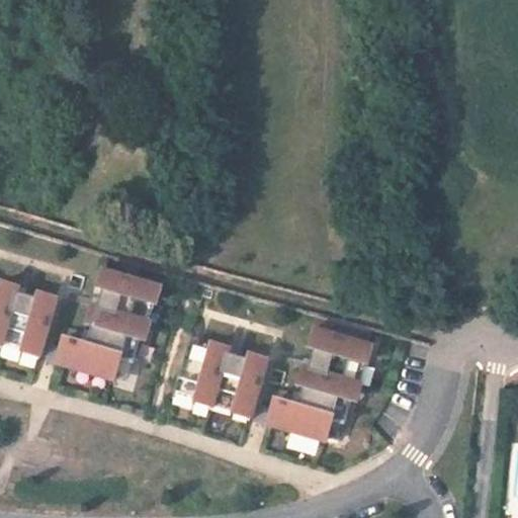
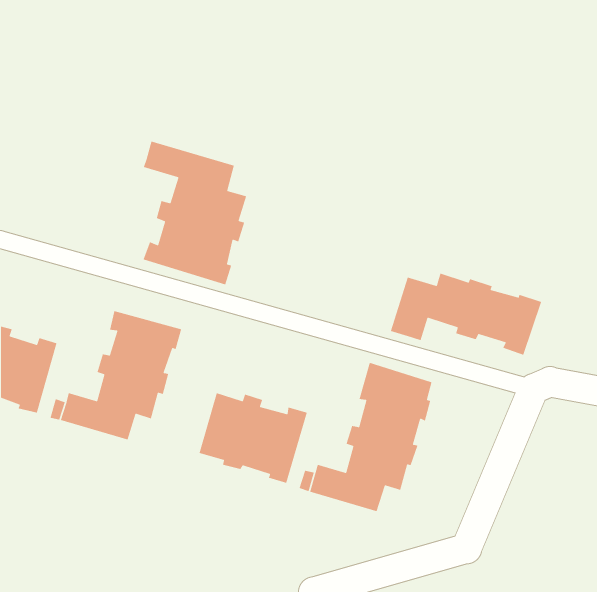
building: none -> [143,140,247,285]
building: none -> [390,273,542,356]

